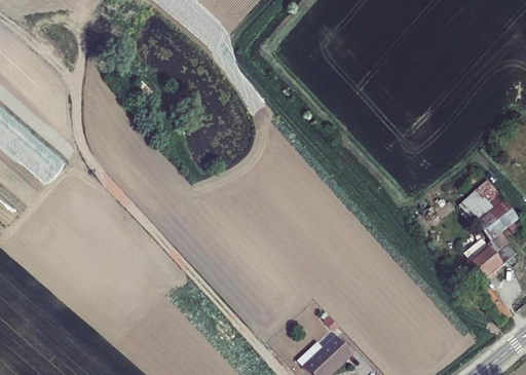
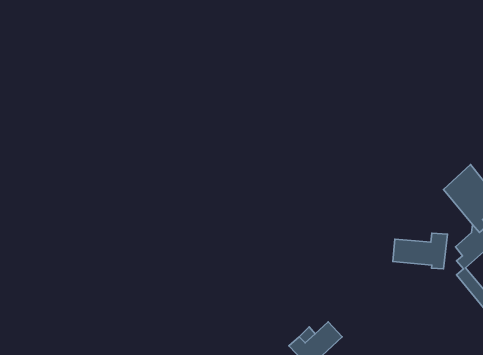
building: none -> [393,233,447,269]

